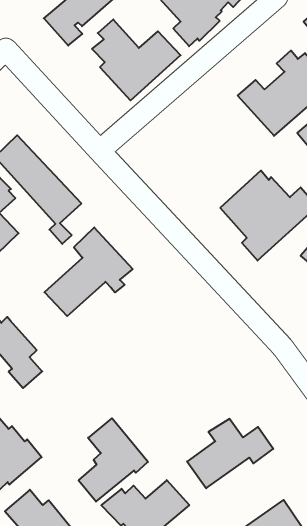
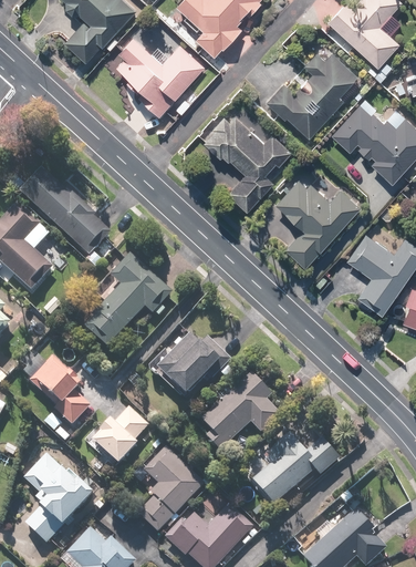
building: none -> [199,113,289,213]
building: none -> [152,333,229,394]
building: none -> [202,370,284,450]
building: none -> [97,405,155,462]

